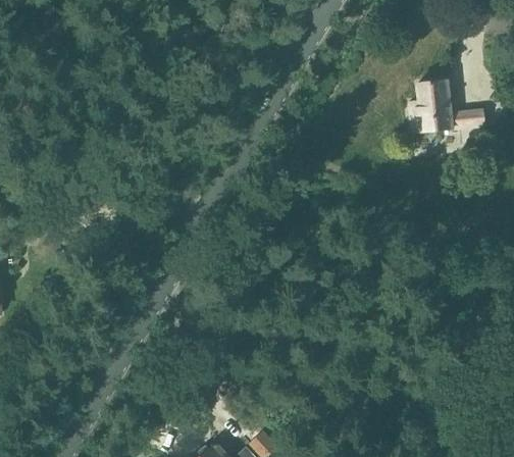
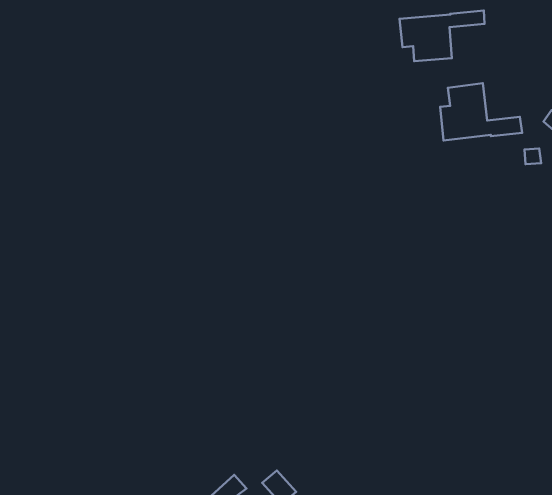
building: none -> [400,10,485,61]

